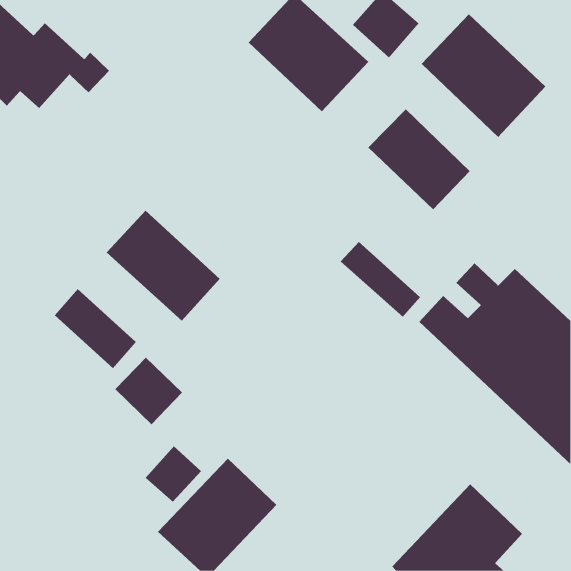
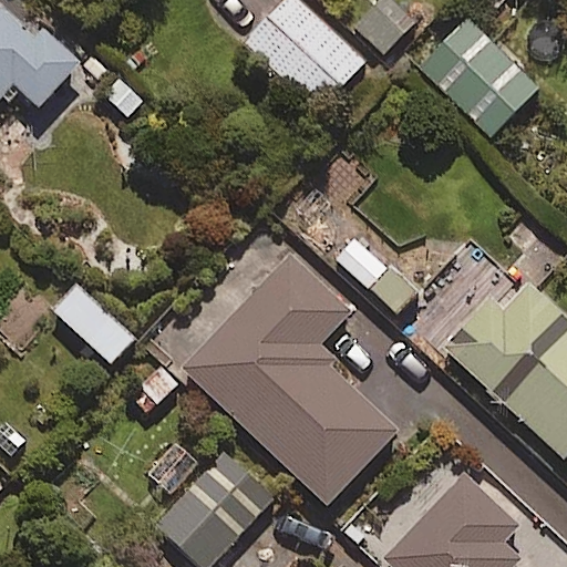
building: [368,109,471,210] -> none
building: [106,210,221,321] -> none
building: none -> [184,254,400,505]

